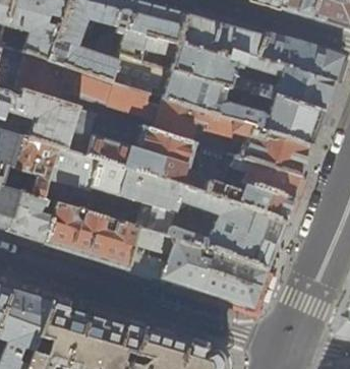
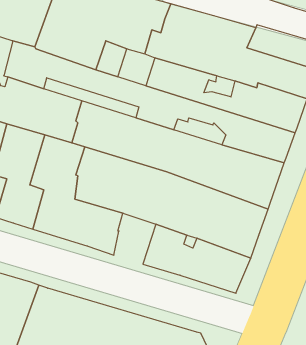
building: [128,228,171,280] -> none

